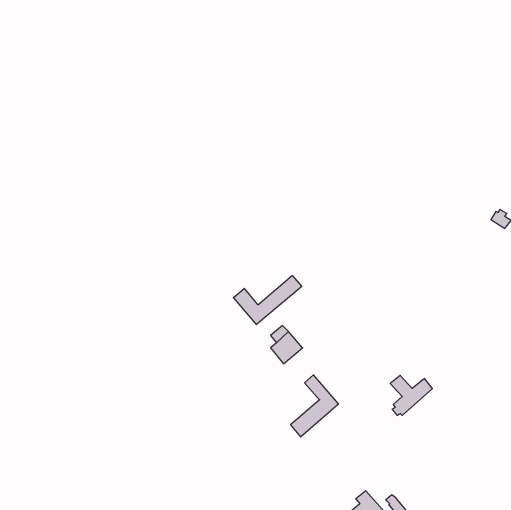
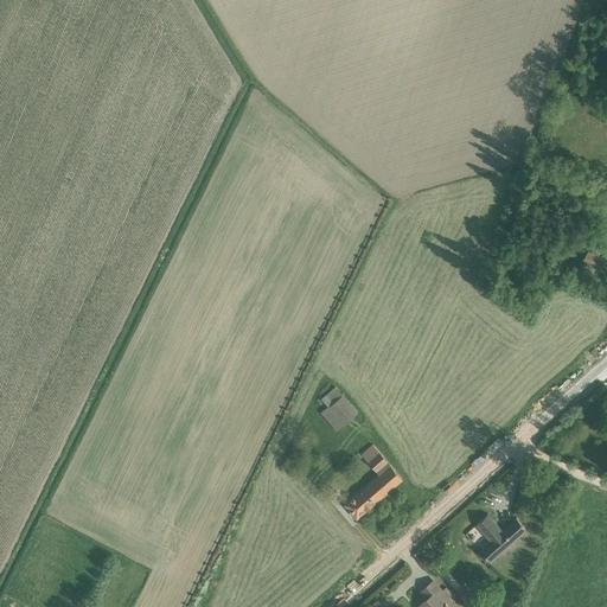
building: [233,276,302,325] -> none
building: [390,375,432,415] -> [475,516,525,563]

